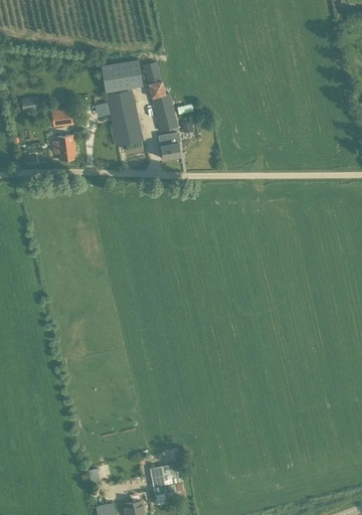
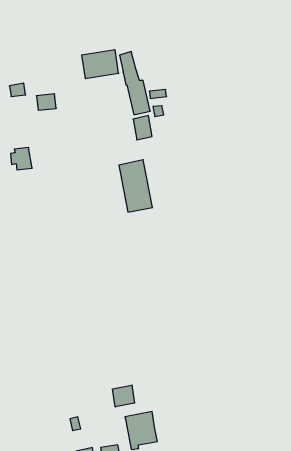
building: [107,89,144,147] -> [119,160,152,212]
building: [51,135,75,160] -> [11,147,32,170]
building: none -> [113,385,135,407]

